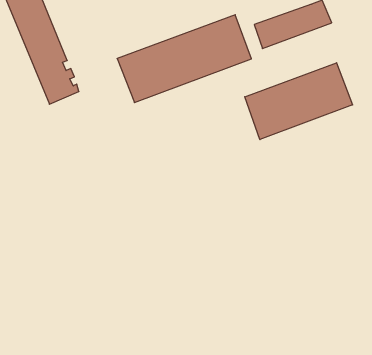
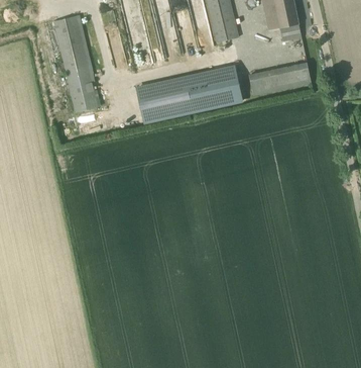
building: [245,63,353,140] -> none

